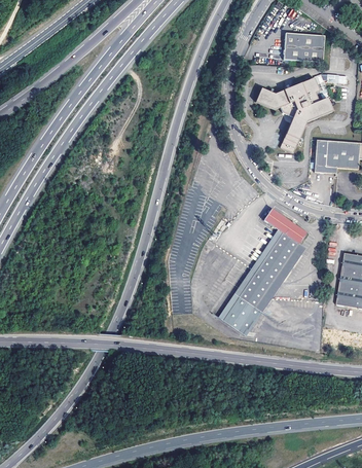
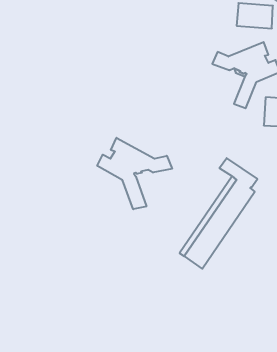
building: none -> [97,138,172,209]

